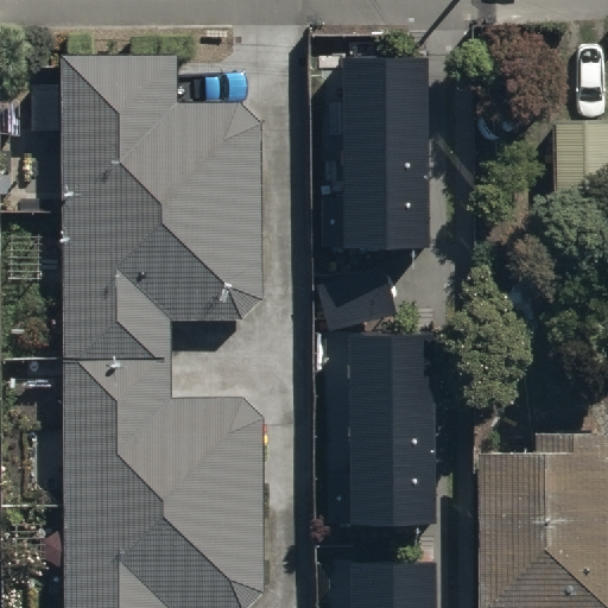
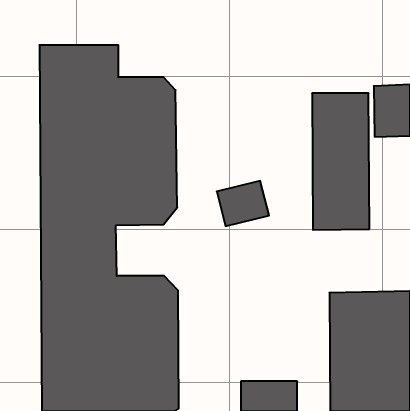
building: [346,55,430,256] -> [312,93,369,230]
building: [354,334,438,536] -> none

